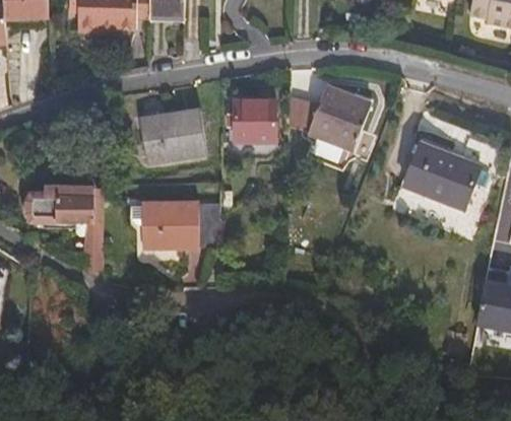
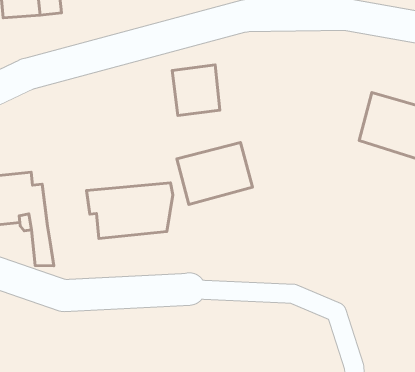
building: [303,92,366,155] -> none
building: [137,113,205,165] -> [177,142,253,204]

